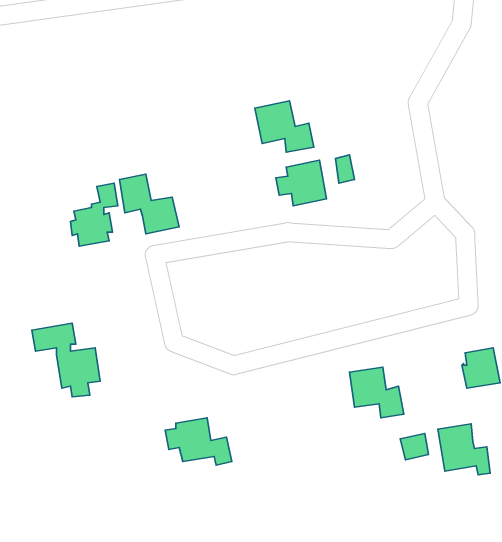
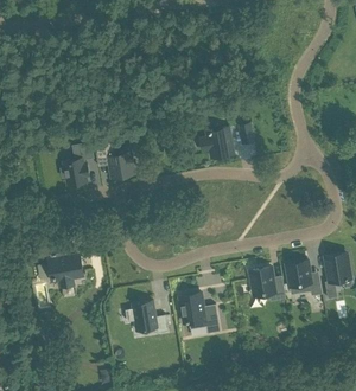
building: [255,101,314,152] -> none
building: none -> [179,293,220,333]
building: [438,424,490,475] -> [286,261,322,295]

